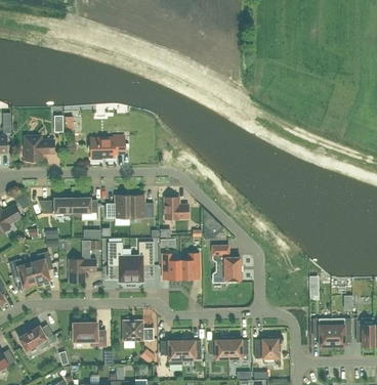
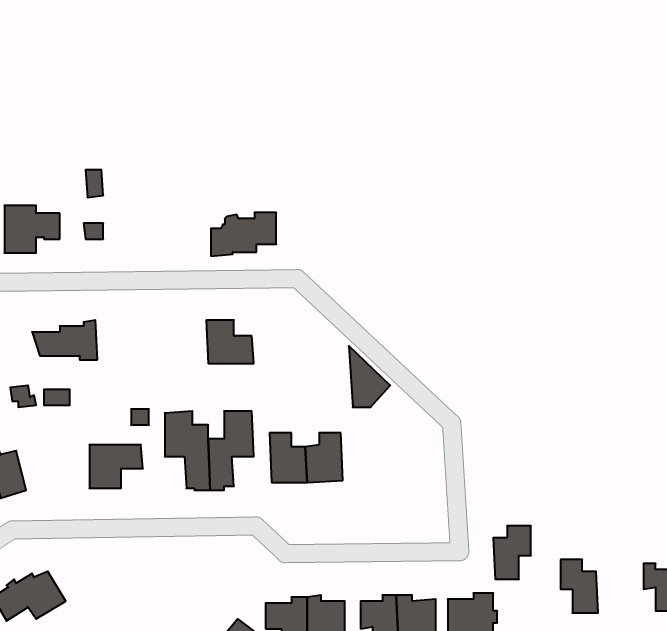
building: [90,136,124,159] -> [211,213,276,256]
building: [72,195,97,215] -> none
building: [106,195,130,218] -> none
building: [164,197,188,218] -> none
building: [212,246,240,282] -> none
building: [31,251,52,283] -> none
building: [331,318,350,346] -> [493,526,531,579]
building: [122,319,154,340] -> none
building: [70,323,106,345] -> none

